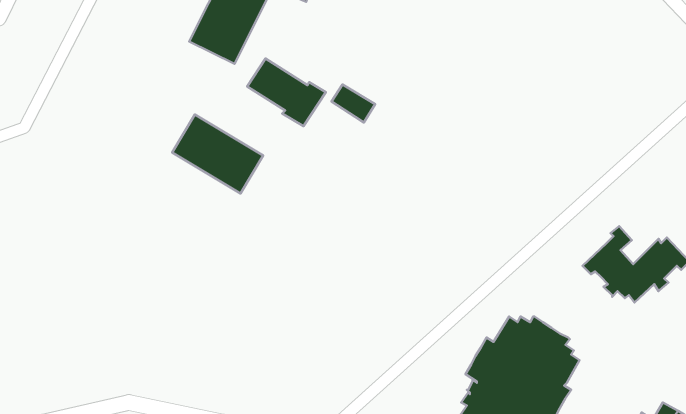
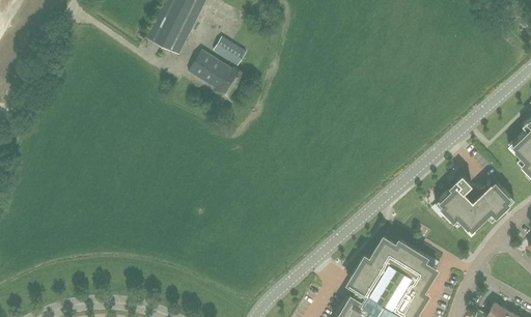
building: [331,85,375,123] -> [214,37,246,65]
building: [172,115,263,193] -> none

